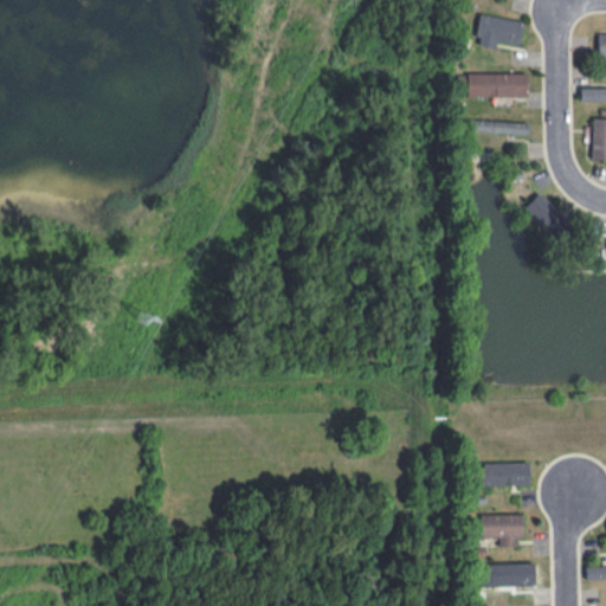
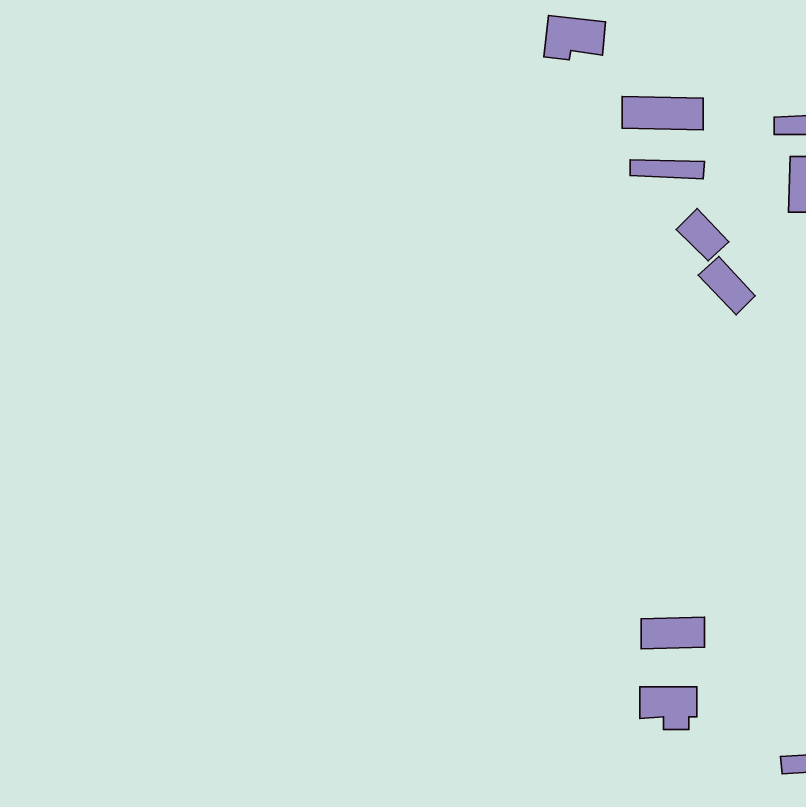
building: [477,15,523,49] -> [544,16,606,60]
building: none -> [676,209,729,261]
building: [481,563,534,587] -> none

